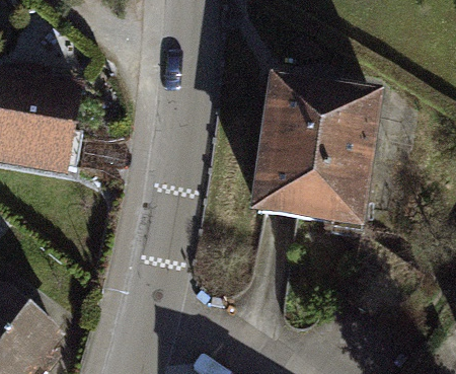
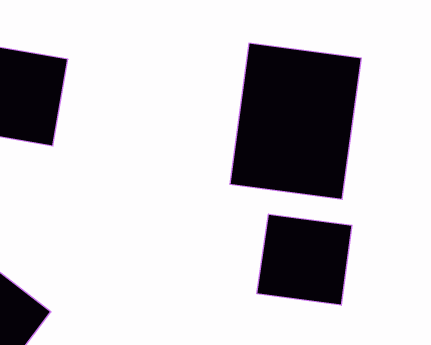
building: none -> [257,214,352,305]

